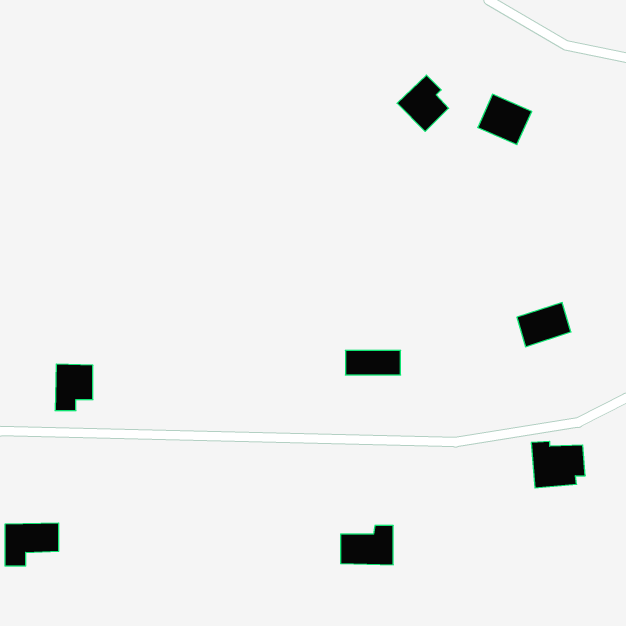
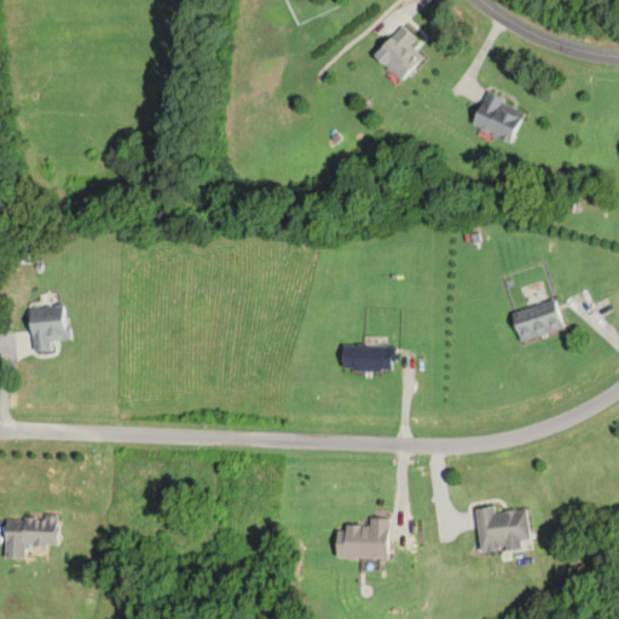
building: [397,75,449,131] -> [372,25,423,81]
building: [55,364,93,411] -> [30,305,68,351]
building: [531,441,585,488] -> [475,507,528,553]

